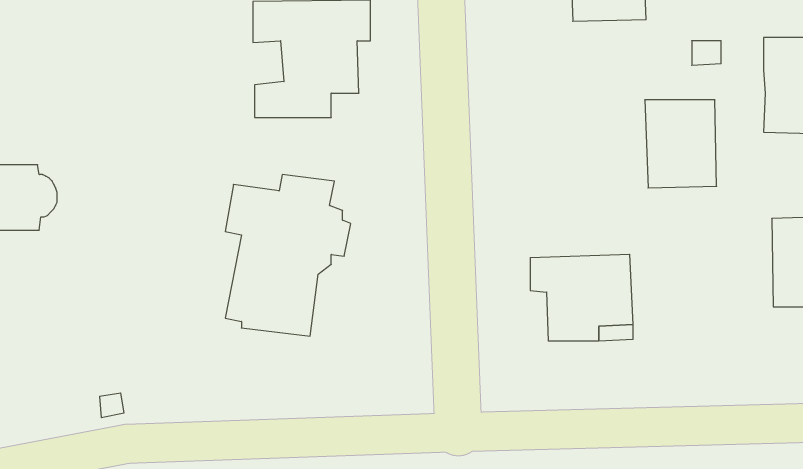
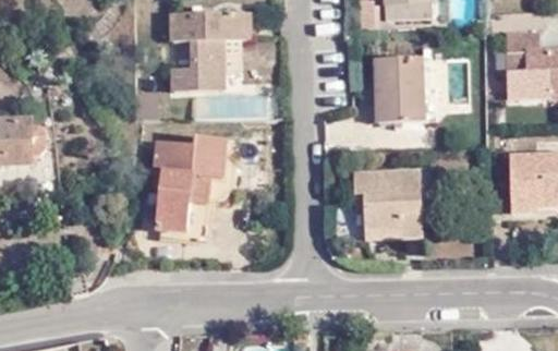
building: [645,100,717,188] -> [377,61,425,120]

